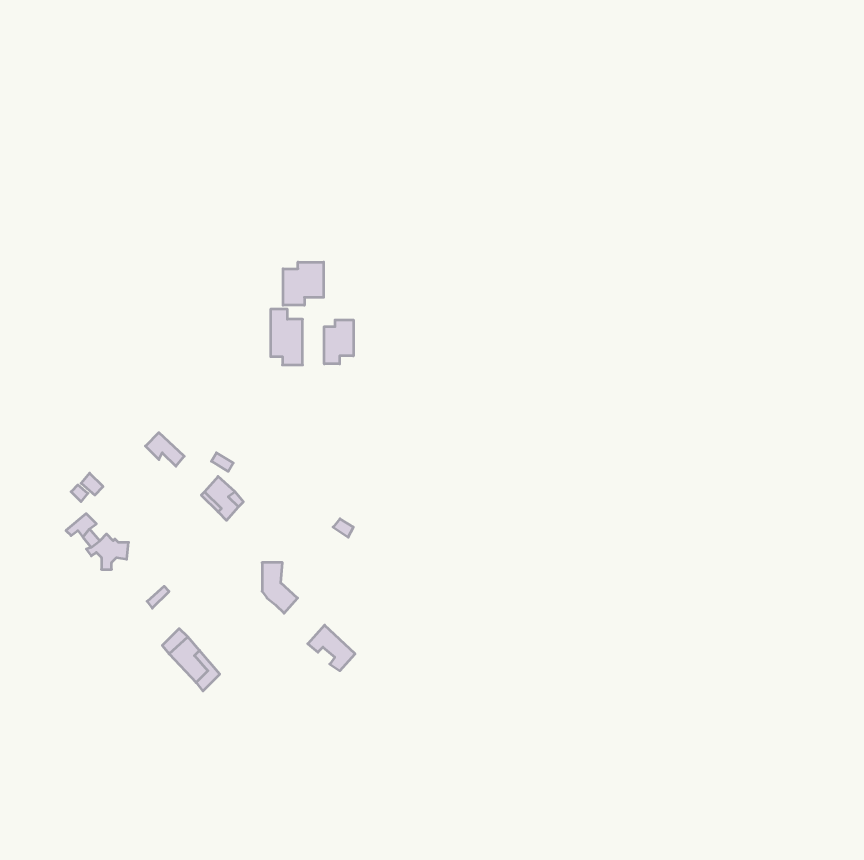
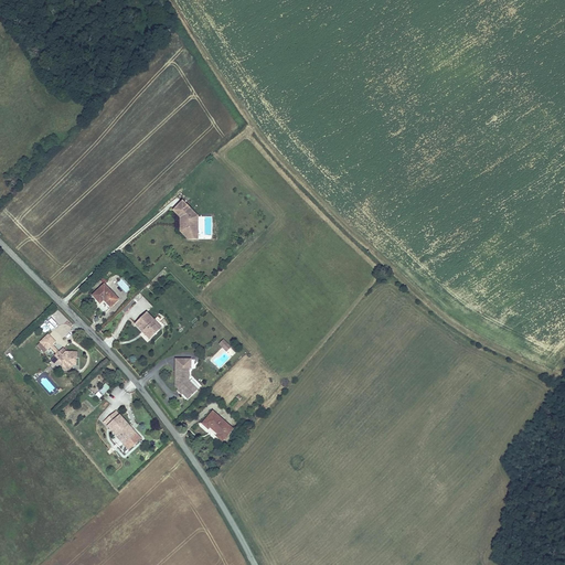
building: [283,262,324,305] -> none
building: [324,320,353,364] -> none

